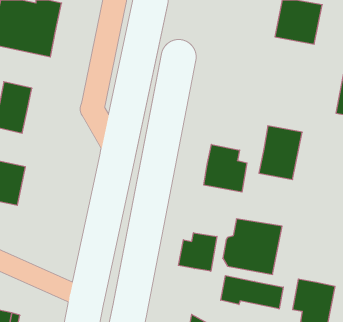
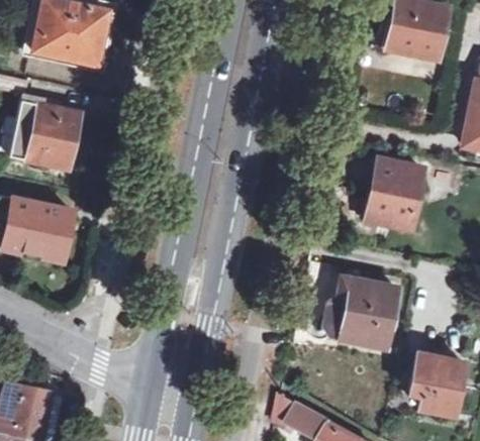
building: [204,144,247,192] -> none
building: [178,233,217,271] -> none
building: [221,276,283,309] -> none

